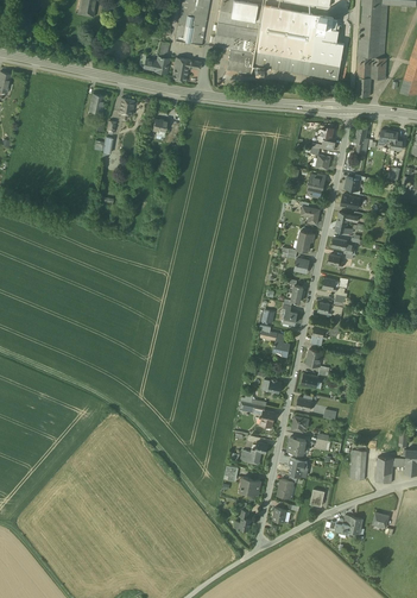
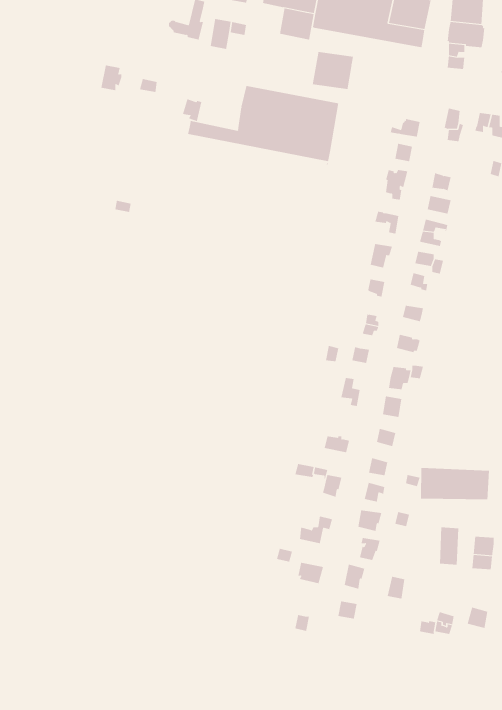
building: none -> [312,51,354,90]
building: none -> [188,85,339,172]
building: none -> [420,467,489,500]

